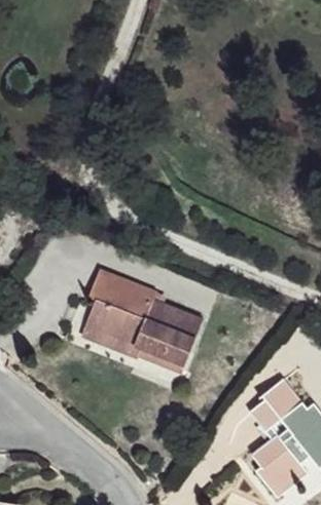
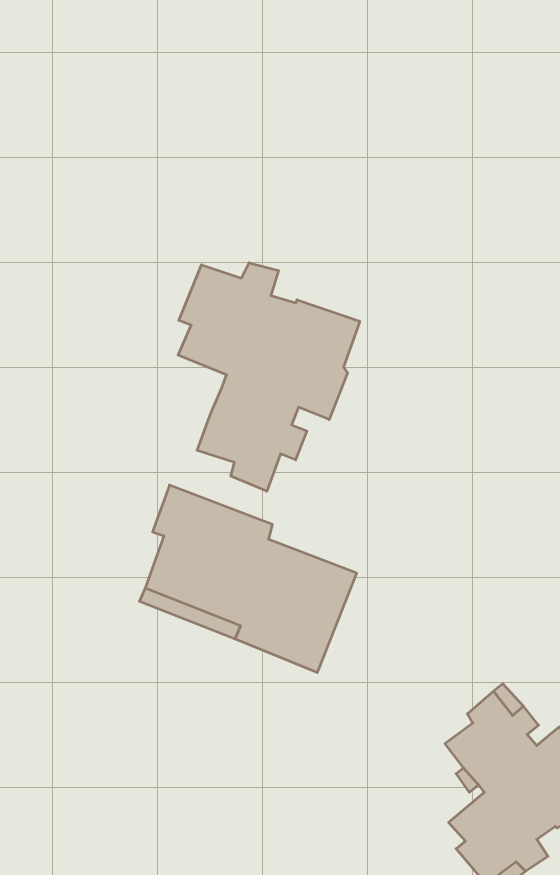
building: none -> [178,263,360,491]

